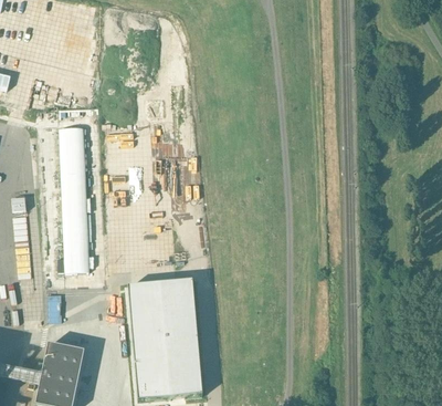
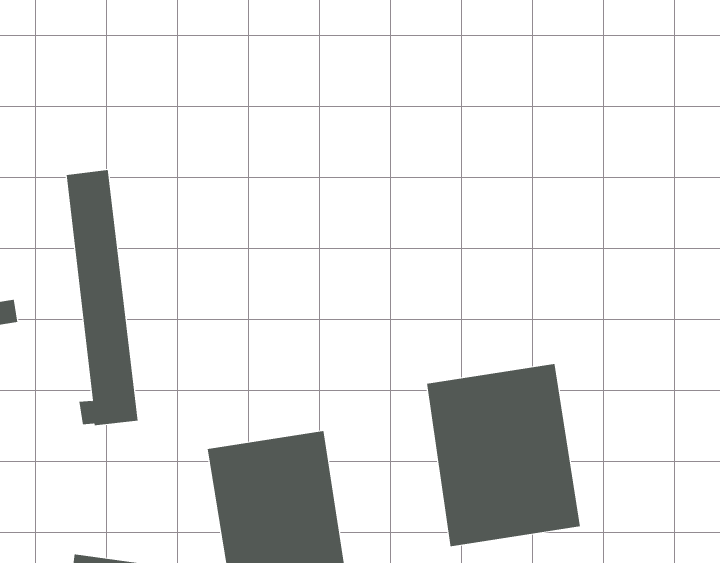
building: none -> [426,363,581,547]

